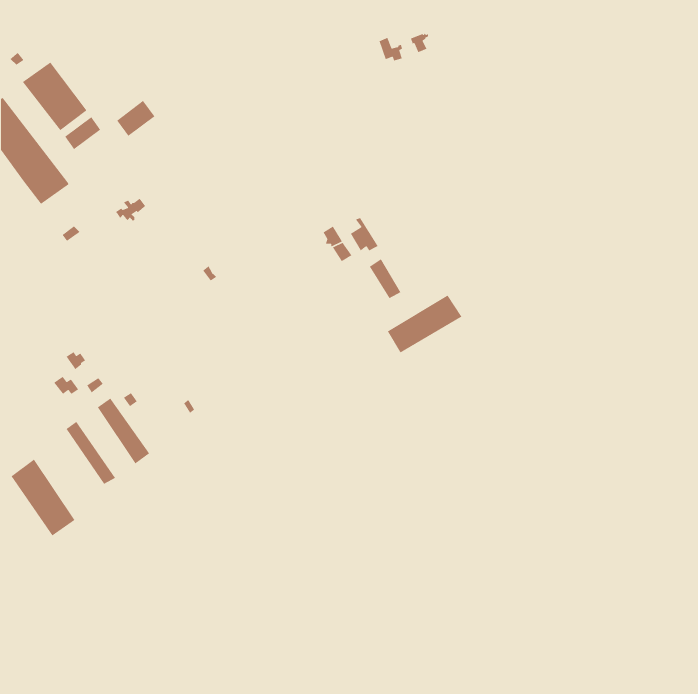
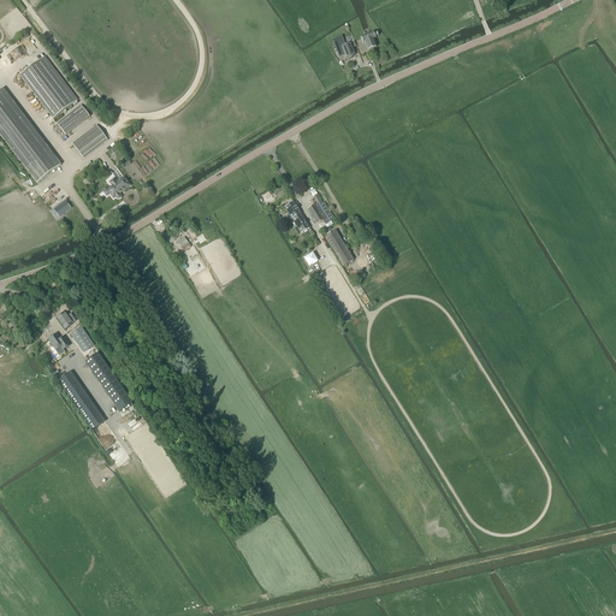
building: [116,100,156,137] -> [72,123,107,155]
building: [387,295,462,353] -> none
building: [10,458,76,536] -> none

